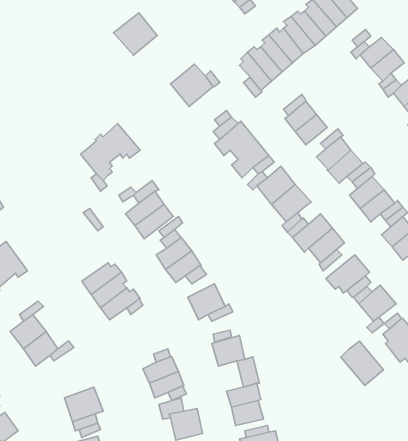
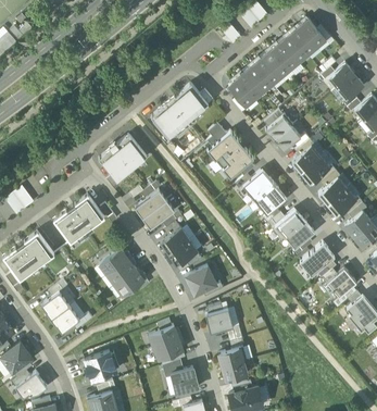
building: [113,13,157,55] -> [152,102,188,137]
building: none -> [53,195,105,244]
building: [341,341,383,386] -> none

